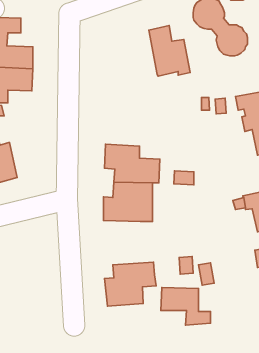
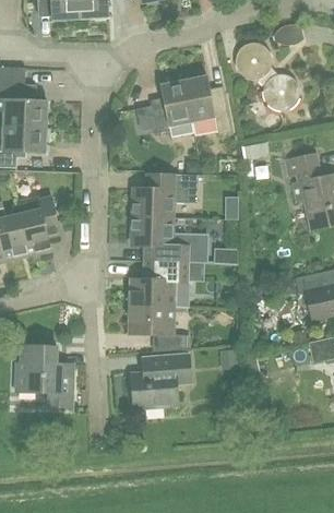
building: none -> [151,81,192,138]
building: none -> [131,172,196,218]
building: none -> [13,194,61,255]
building: none -> [14,345,71,407]
building: [161,287,211,325] -> [128,307,187,351]

